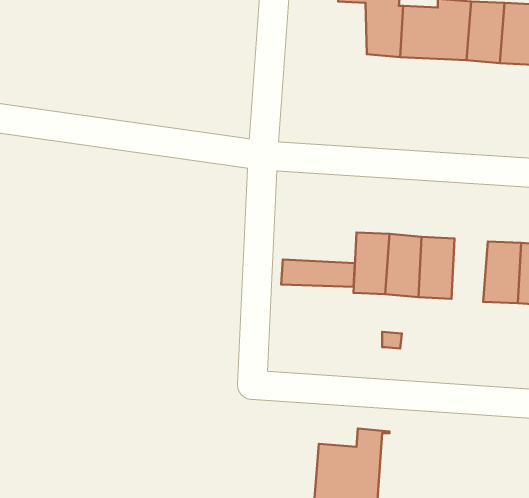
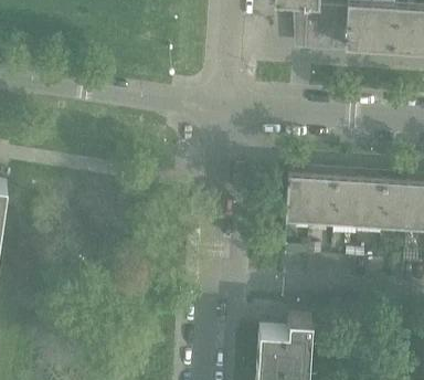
building: none -> [358,179,384,225]
building: [281,259,355,287] -> none

